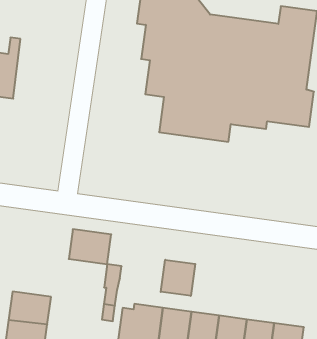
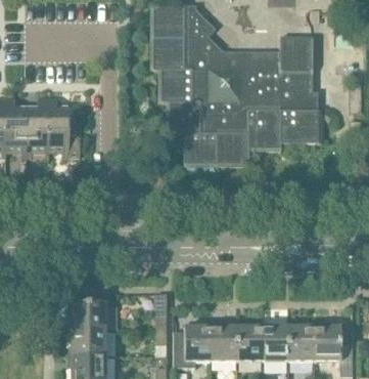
building: none -> [47,98,81,158]
building: [69,229,111,264] -> [72,302,107,330]
building: [161,260,195,296] -> none

